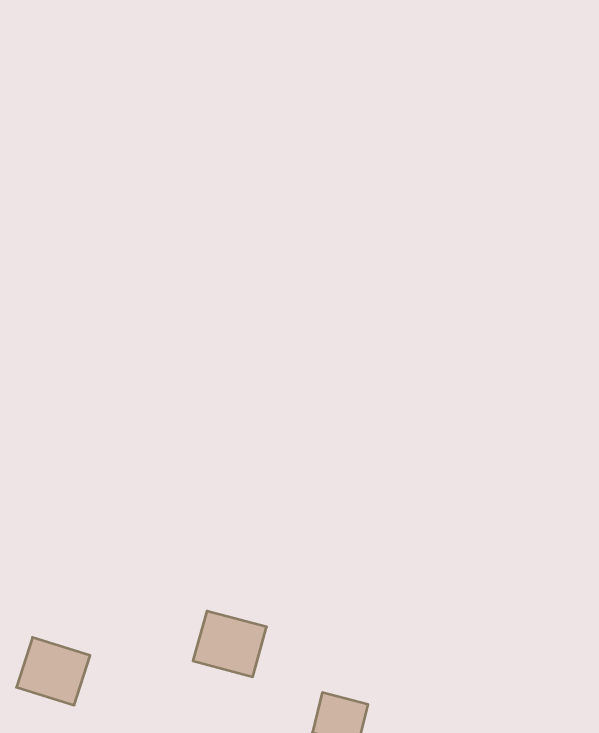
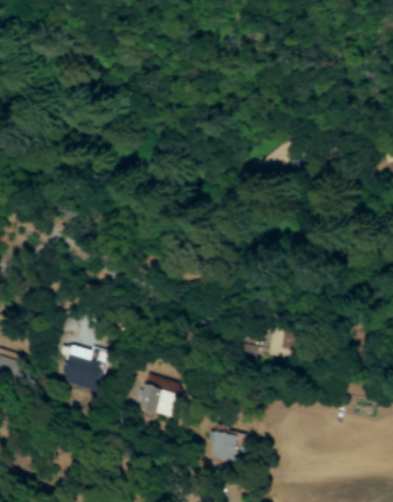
building: [16,637,90,705] -> [56,345,100,385]

